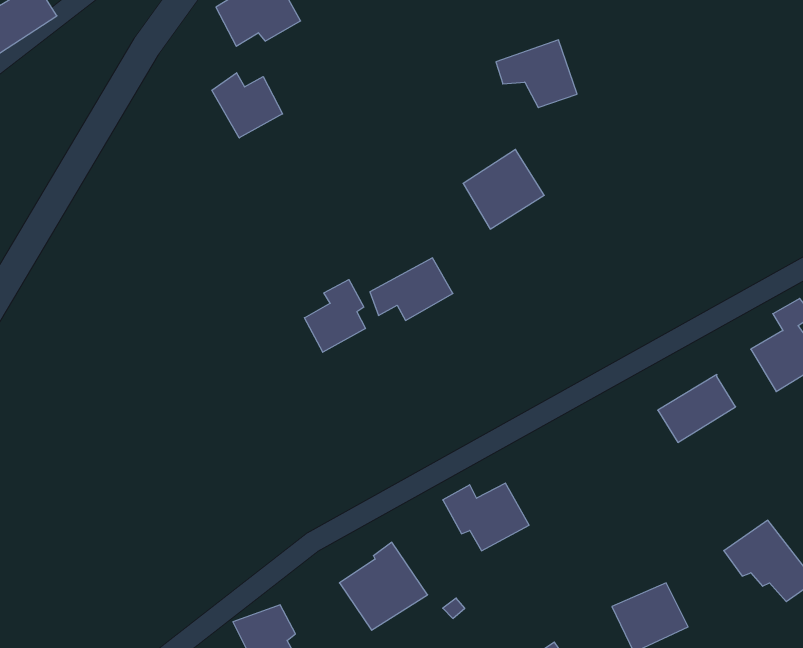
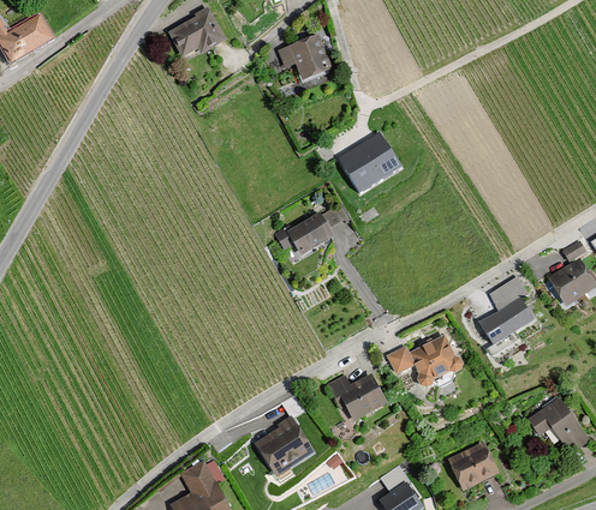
building: [496,40,577,108] -> [275,35,333,83]
building: [212,73,283,138] -> none
building: [304,280,365,352] -> none
building: none -> [488,272,529,307]
building: none -> [387,331,464,384]

